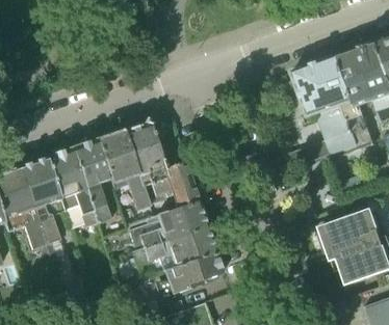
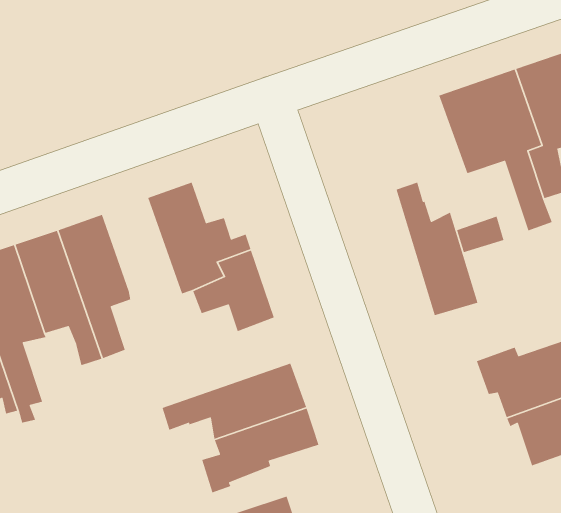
building: none -> [396,182,478,316]
building: [97,129,150,210] -> none
building: [127,198,206,250] -> none

